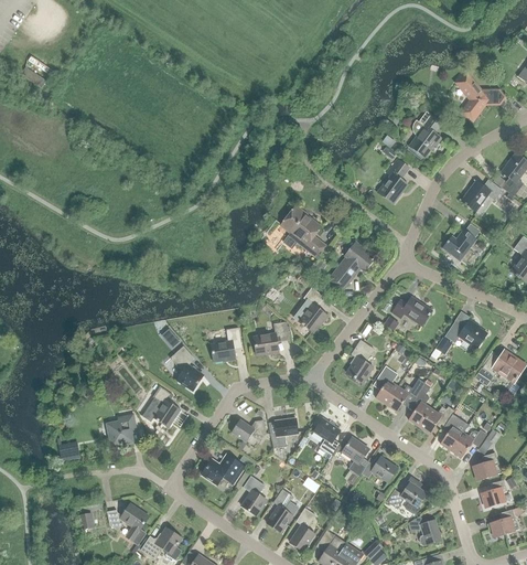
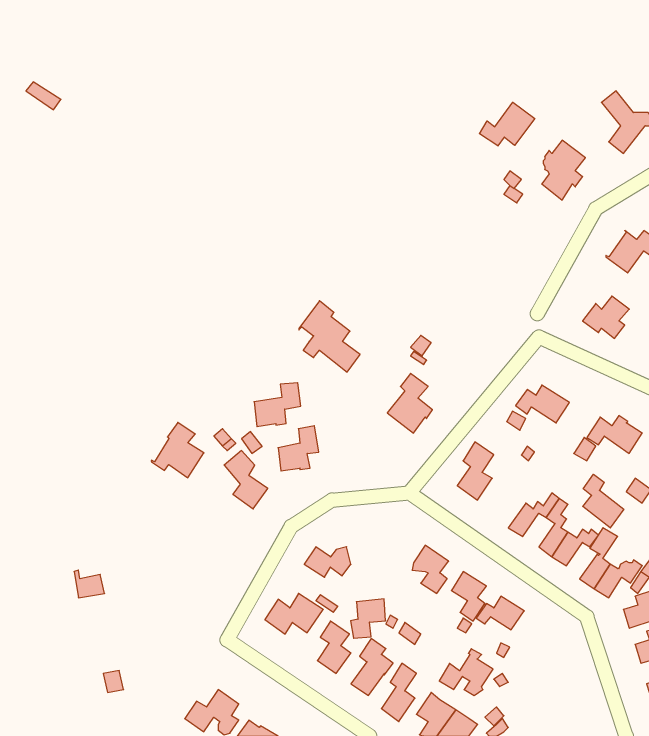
building: none -> [479,102,535,146]
building: [378,158,409,203] -> none
building: [281,204,327,258] -> [299,301,360,372]
building: [329,242,376,291] -> none
building: [255,321,290,354] -> [254,383,301,427]
building: none -> [583,474,624,528]
building: [376,365,399,404] -> none
building: [141,385,181,427] -> [151,422,204,478]
building: [109,413,137,446] -> none
building: [271,417,298,447] -> [351,599,386,638]
building: [387,477,428,512] -> [439,649,493,695]
building: [108,503,149,543] -> none
building: [408,514,442,545] -> none

